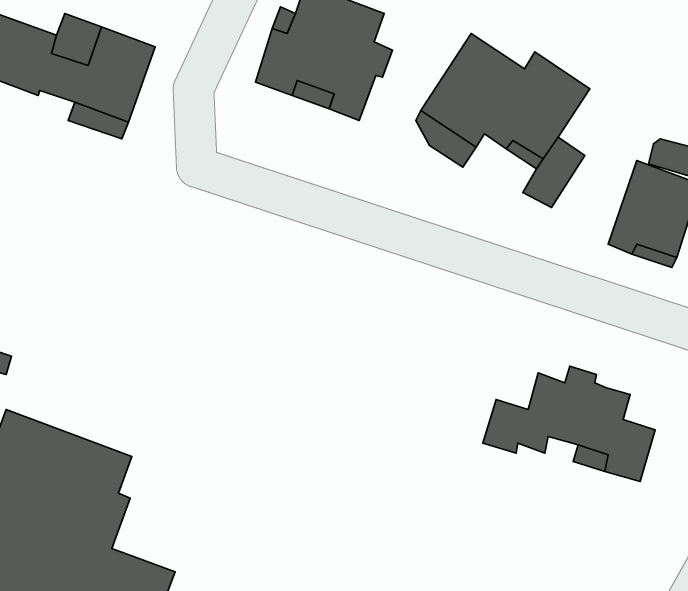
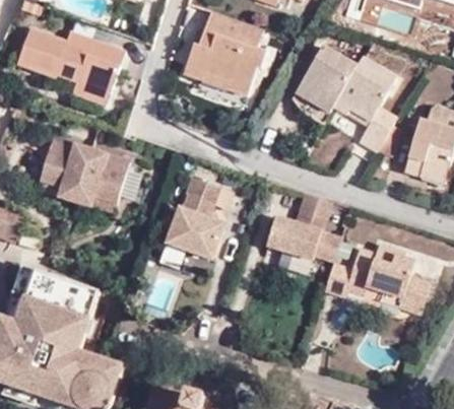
building: none -> [50,137,140,207]
building: none -> [168,178,223,258]
building: none -> [266,193,340,262]

